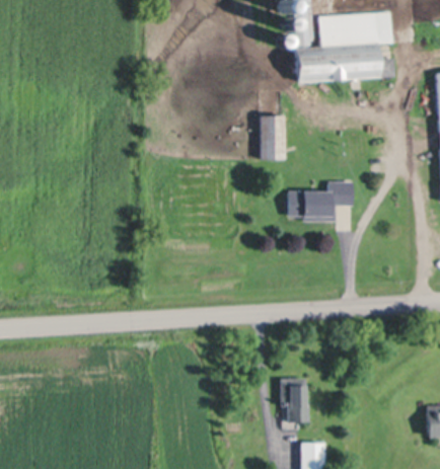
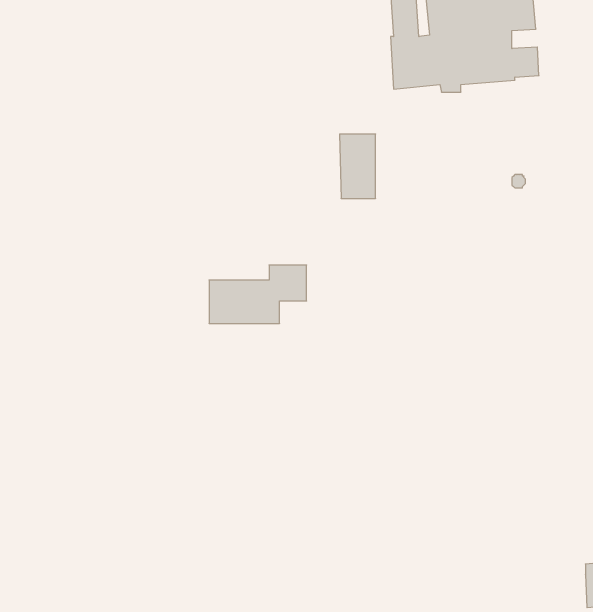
building: [282,181,348,221] -> [209,265,307,323]
building: [280,378,308,420] -> none

